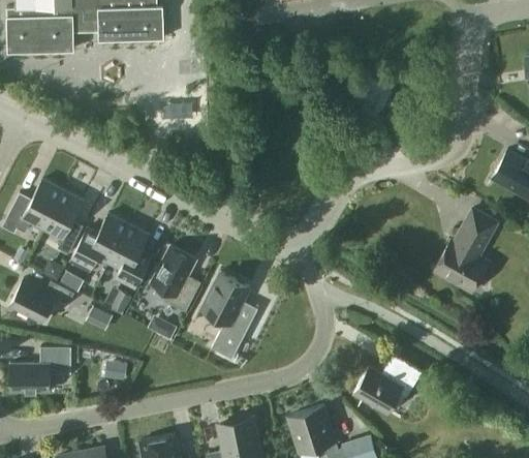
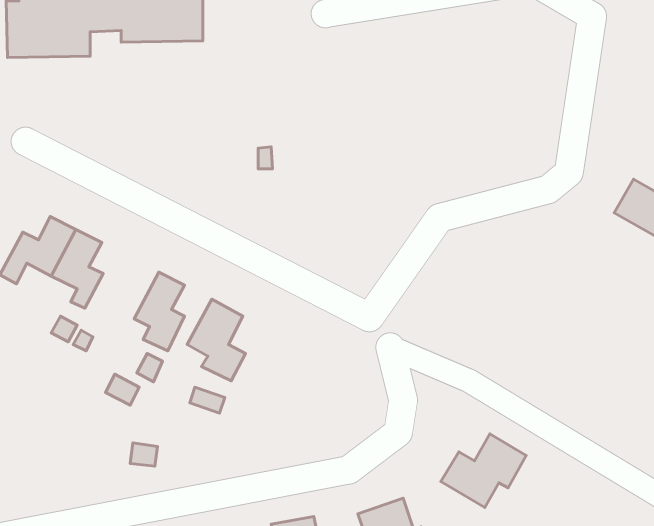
building: [434,210,496,291] -> none
building: [70,214,128,270] -> none
building: [201,272,252,359] -> none
building: [9,280,74,320] -> none
building: [10,347,70,391] -> none

